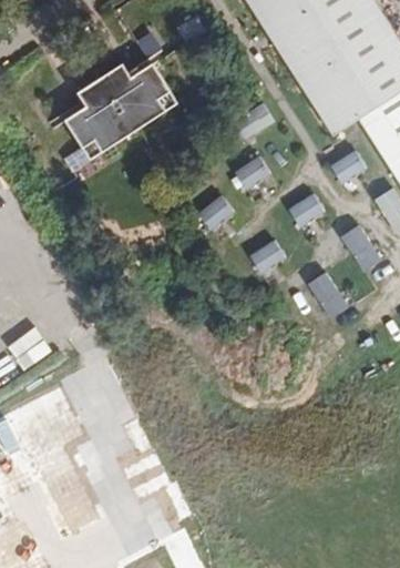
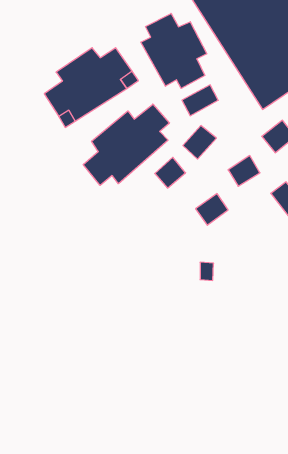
building: none -> [141,13,207,88]
building: none -> [83,104,169,185]
building: [308,272,351,321] -> none

